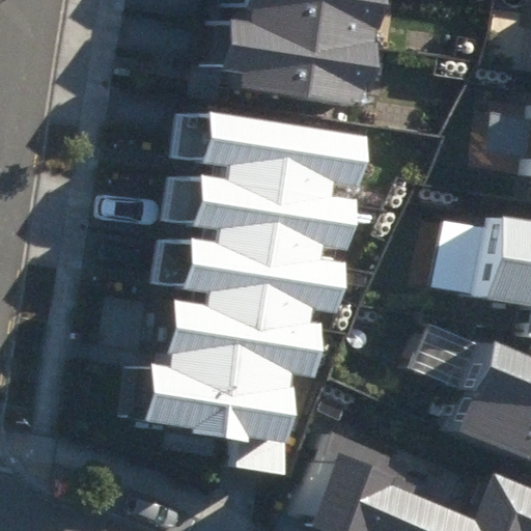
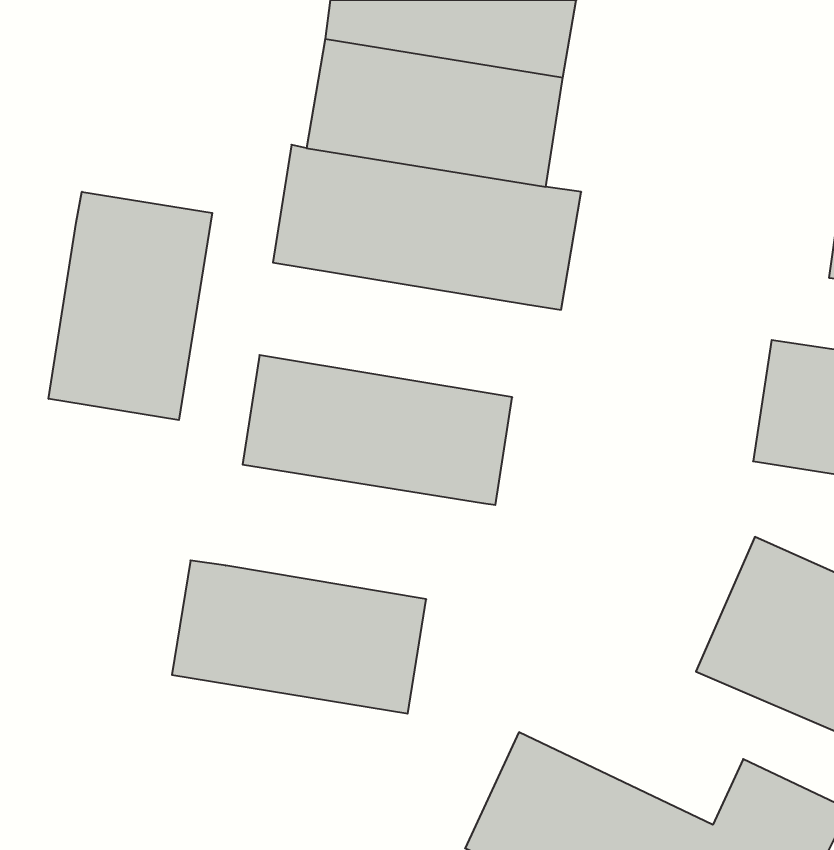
building: none -> [49,192,212,420]
building: [175,168,341,251] -> none
building: [156,292,314,380] -> none

